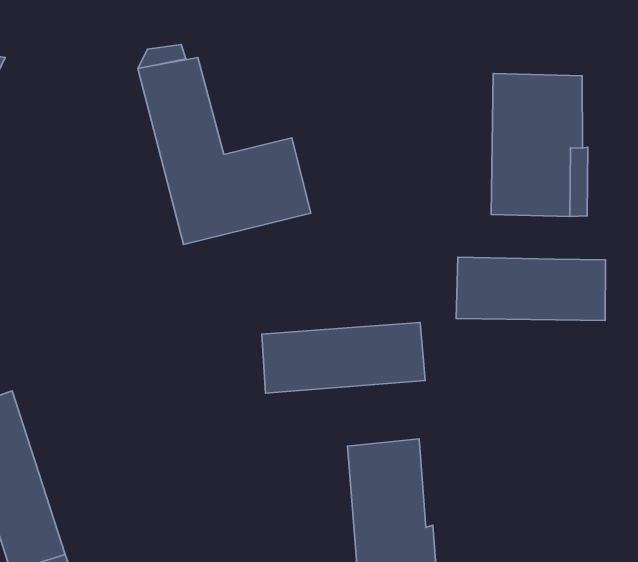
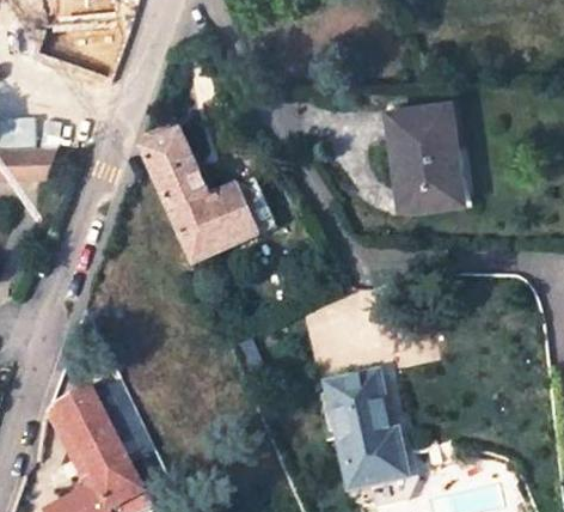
building: [456,257,606,321] -> none
building: [262,322,425,393] -> none

